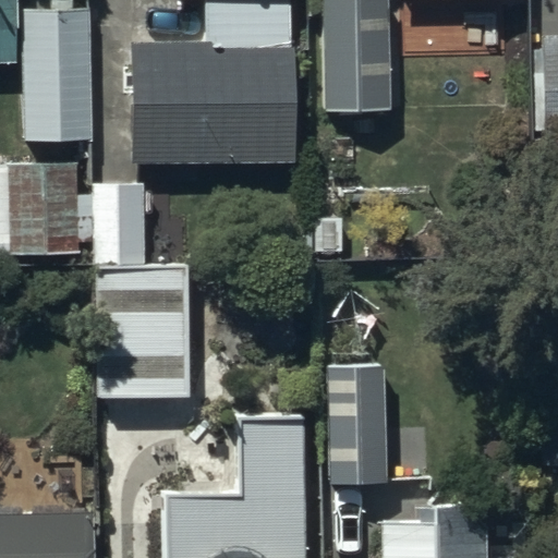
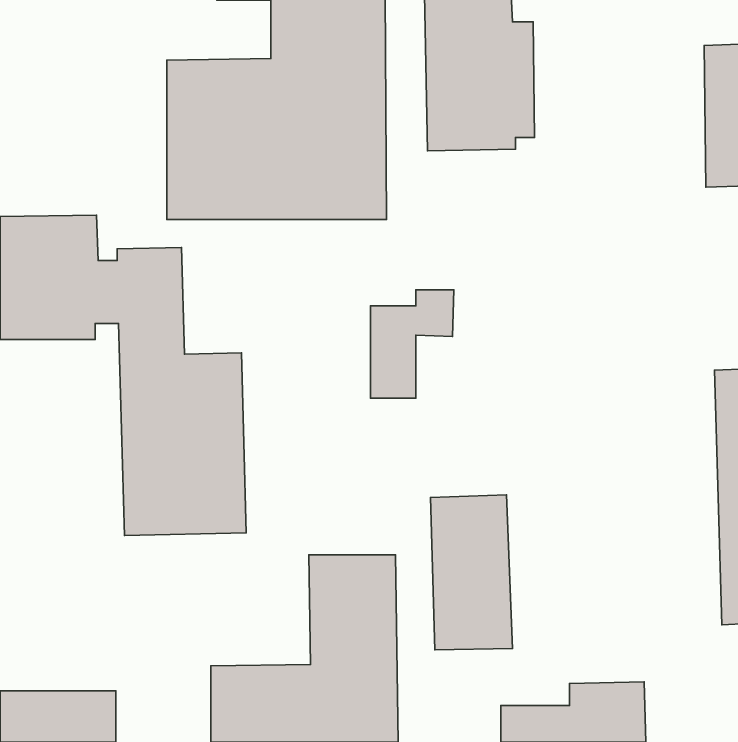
building: [25,10,93,140] -> none

